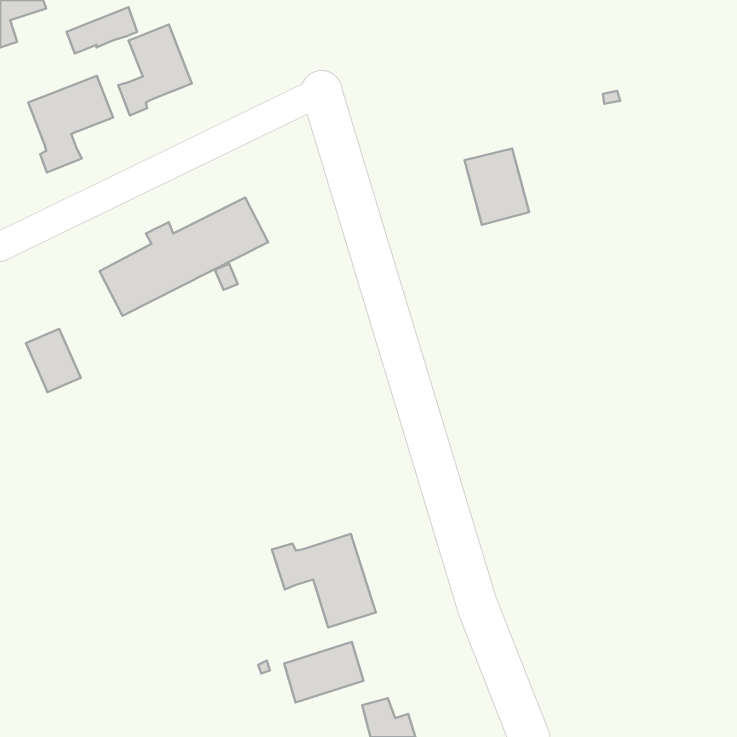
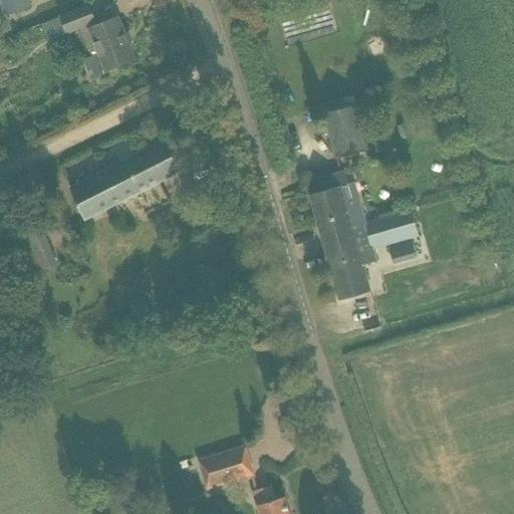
building: [28,76,113,172] -> none
building: none -> [309,171,419,300]
building: [272,534,376,628] -> none

